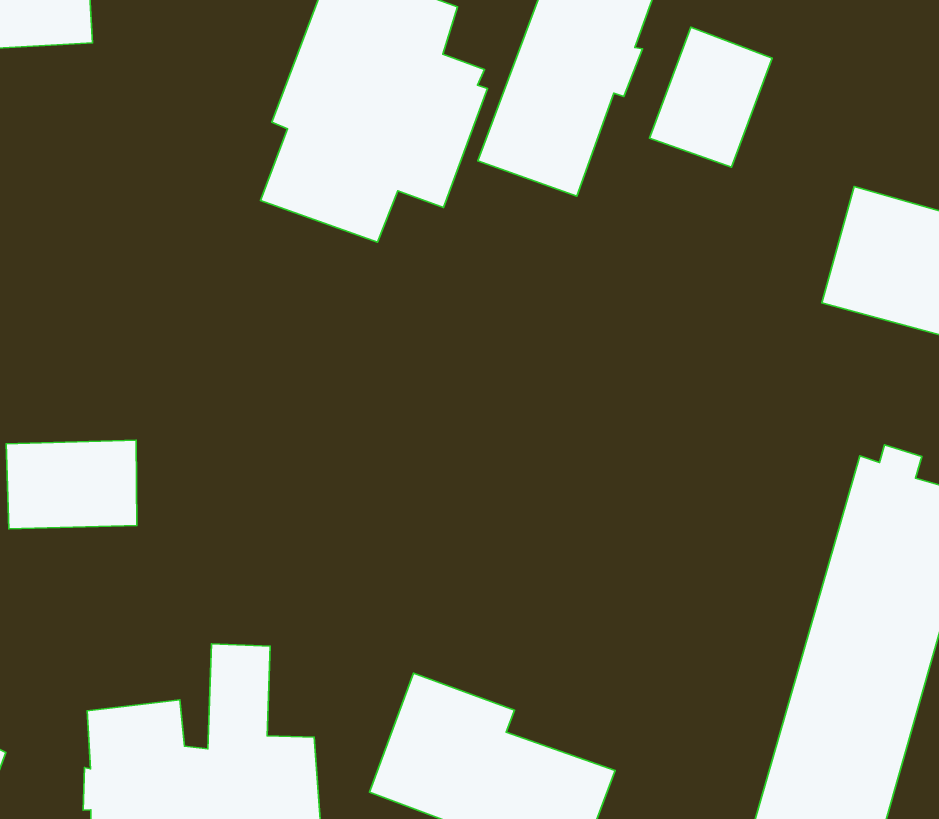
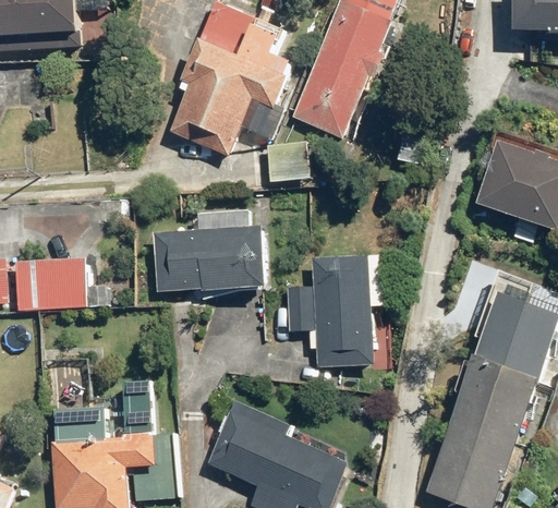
building: [649,27,772,167] -> none
building: none -> [150,226,265,291]
building: none -> [282,255,386,367]

